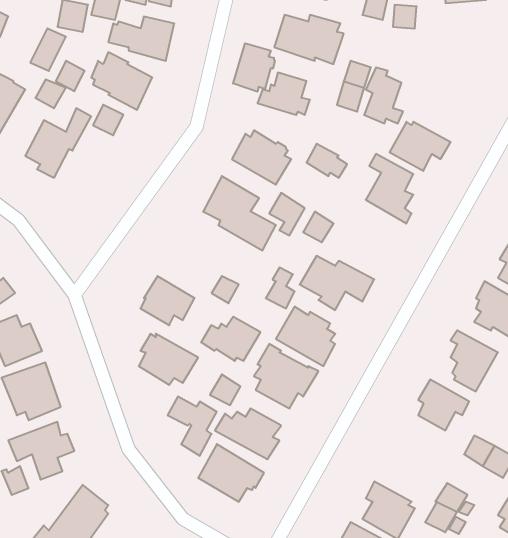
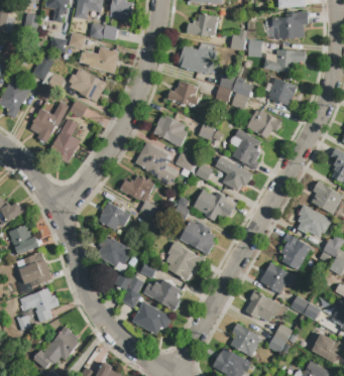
building: none -> [263,49,304,72]
building: [233,43,275,92] -> none
building: none -> [267,77,296,105]
building: none -> [48,118,80,164]
building: none -> [215,155,252,191]
building: [201,317,260,361] -> [119,174,154,201]
building: none -> [245,289,281,322]

